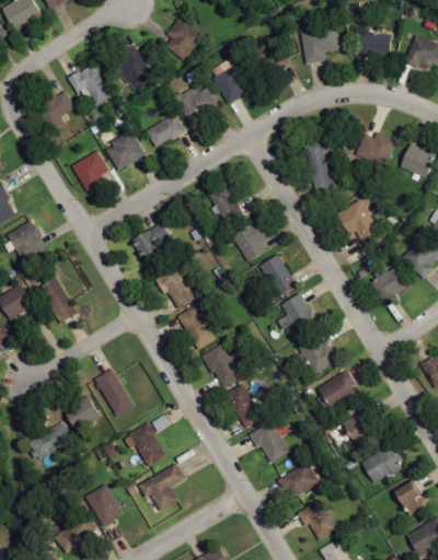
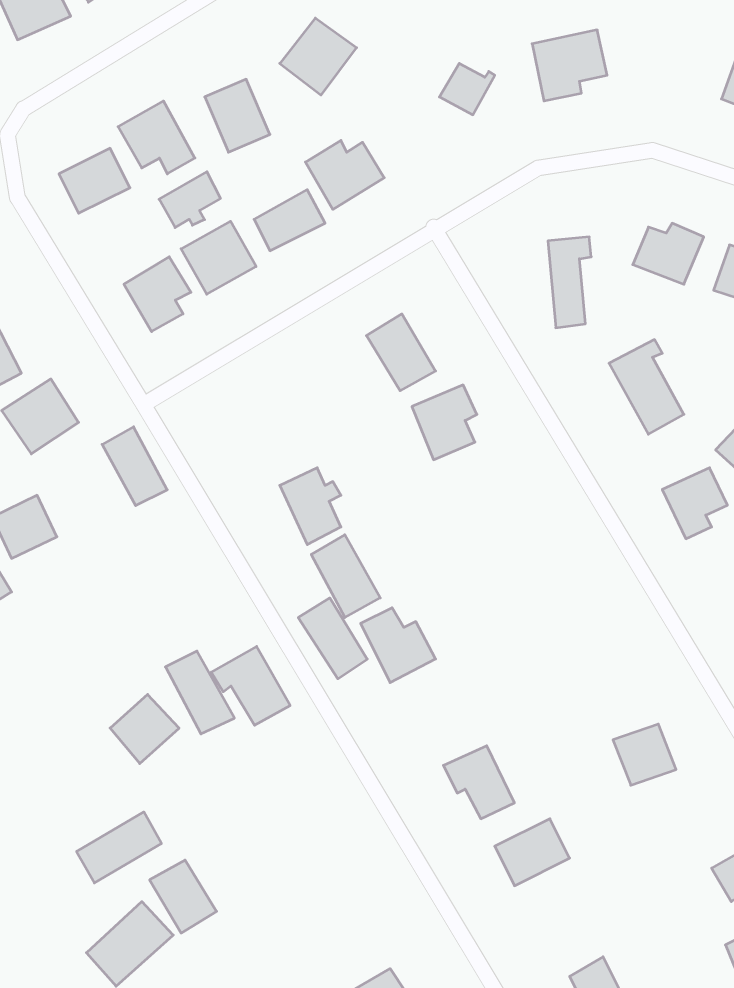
building: [355,33,391,57] -> none
building: [207,56,253,104] -> none
building: none -> [159,172,220,228]
building: [132,225,174,258] -> none
building: [260,255,297,298] -> none
building: [39,278,76,322] -> [102,427,167,506]
building: [277,294,315,331] -> none
building: [299,337,335,374] -> none
building: [318,371,355,408] -> none
building: [224,384,263,429] -> [298,598,367,679]
building: [26,423,73,463] -> [77,812,161,883]
building: [124,423,168,467] -> [211,646,290,725]
building: [362,447,403,482] -> none
building: [139,464,186,512] -> none
building: [298,500,338,540] -> none

